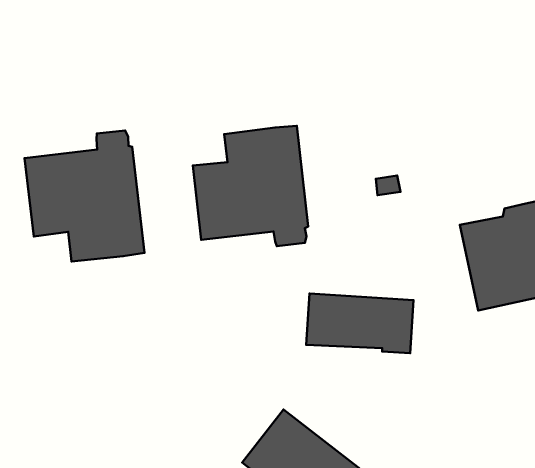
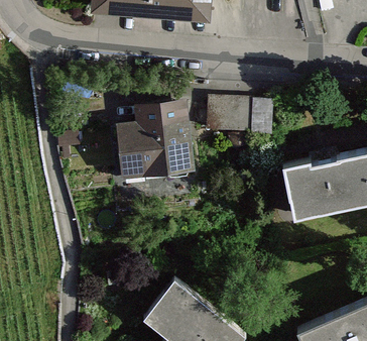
building: [24,130,144,261] -> none
building: [306,294,413,353] -> [207,99,272,135]

